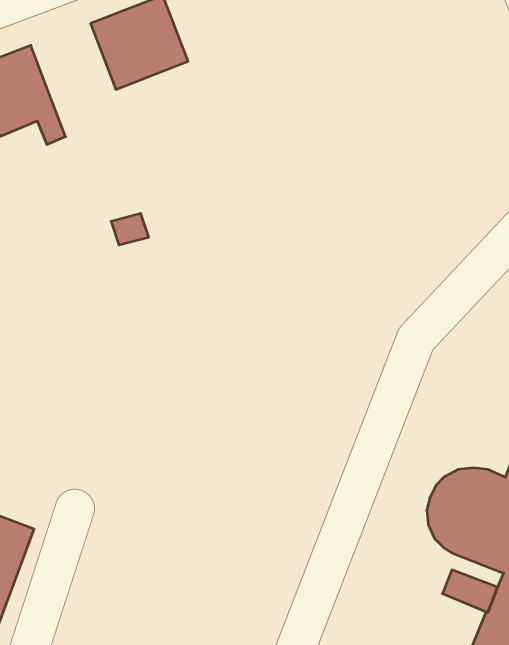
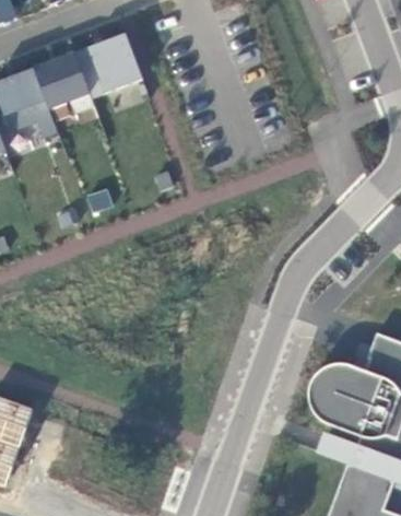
building: none -> [32,54,93,114]

